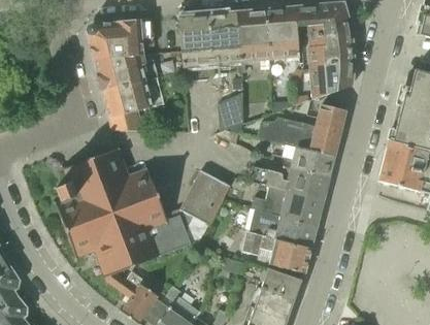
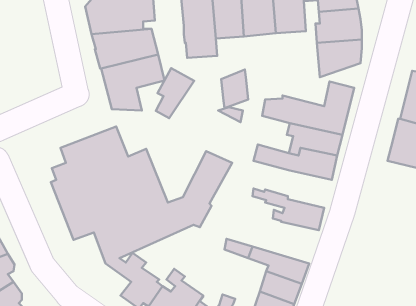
building: none -> [156,68,194,118]
building: [261,190,325,226] -> none
building: [240,231,312,272] -> none

